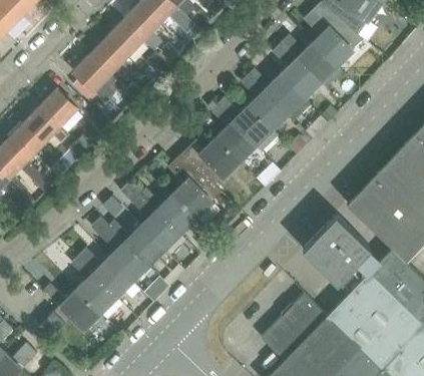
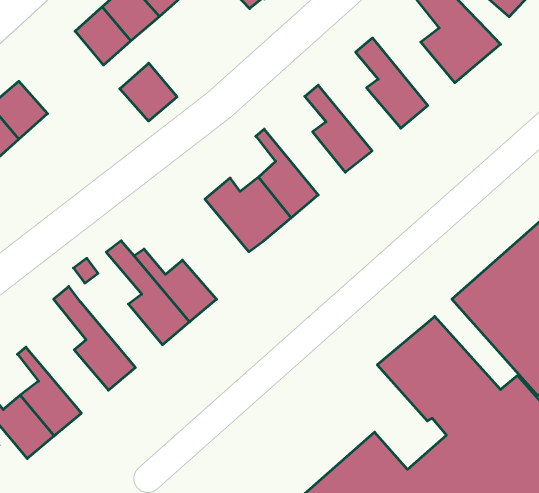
building: [282,35,337,82] -> none
building: [74,54,111,91] -> [120,63,177,121]
building: [250,69,310,119] -> none
building: [218,98,272,145] -> none
building: [168,154,222,218] -> none
building: [109,222,164,266] -> none
building: [77,254,132,298] -> none

